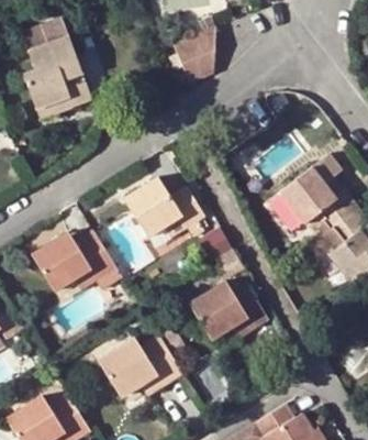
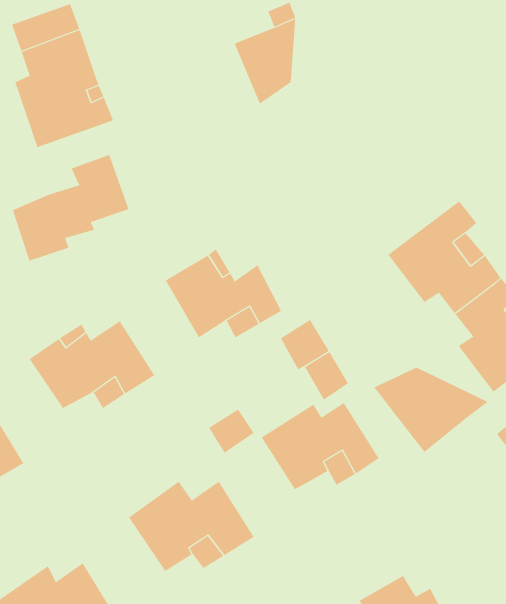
building: none -> [12,154,129,262]
building: none -> [373,367,489,453]

